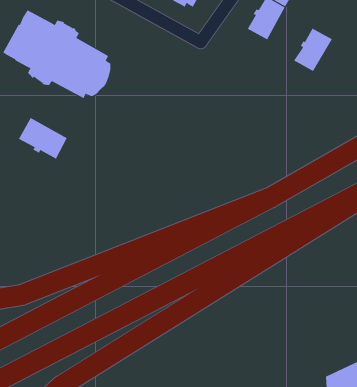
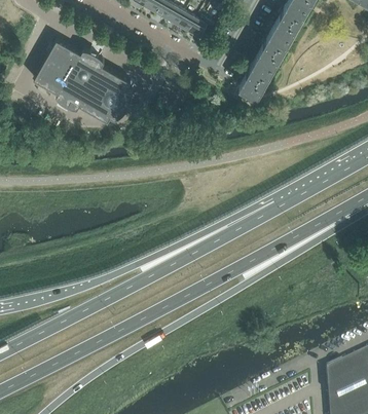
building: [293,28,333,72] -> [238,55,274,96]
building: [18,117,68,159] -> none

